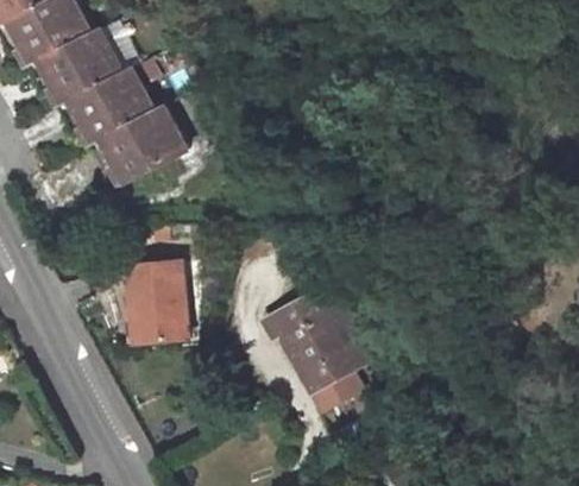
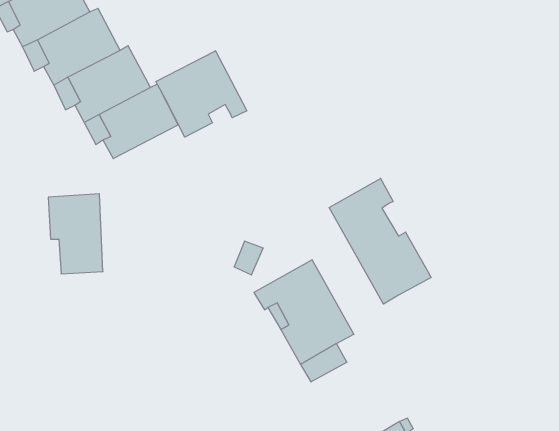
building: none -> [156,51,247,137]
building: none -> [329,178,431,304]
building: [130,261,185,343] -> [48,194,103,274]

